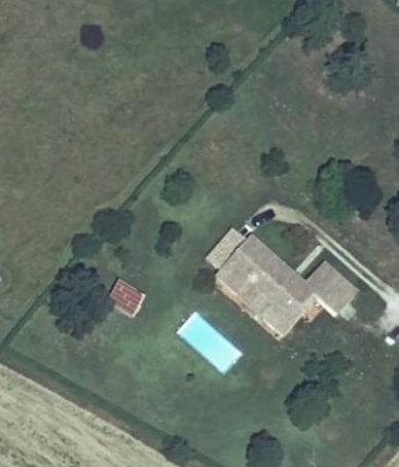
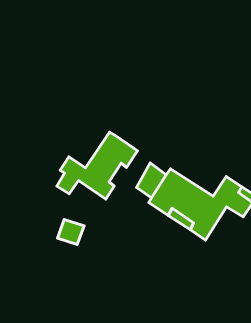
building: none -> [57,132,138,199]

